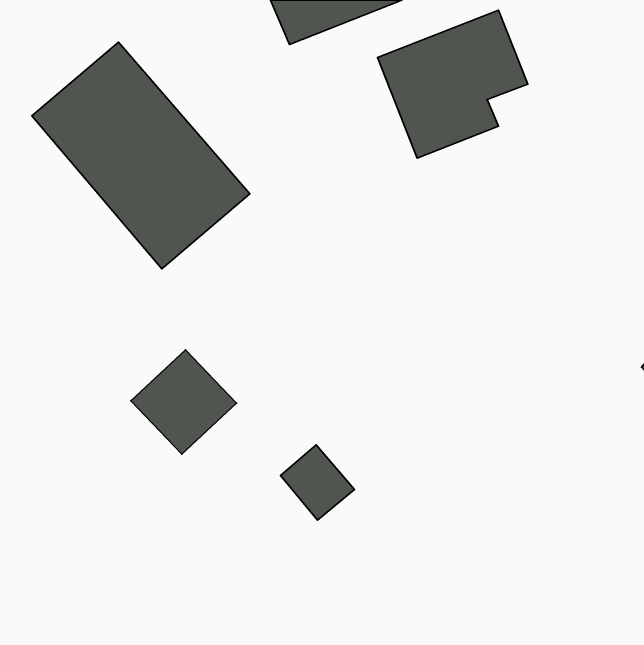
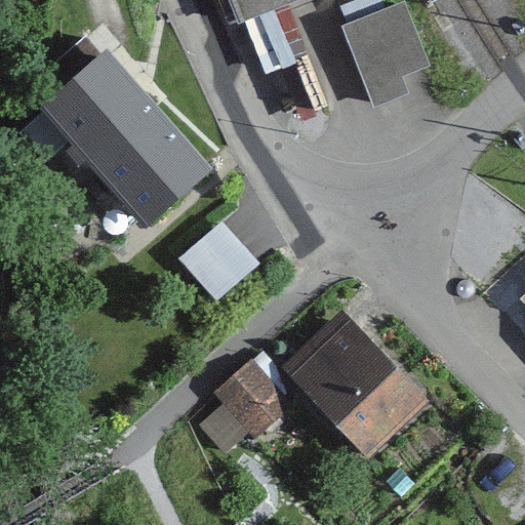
building: [131,350,237,454] -> [180,212,266,296]
building: none -> [284,311,433,462]

